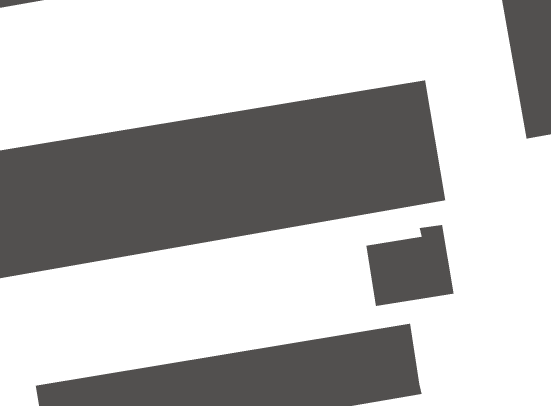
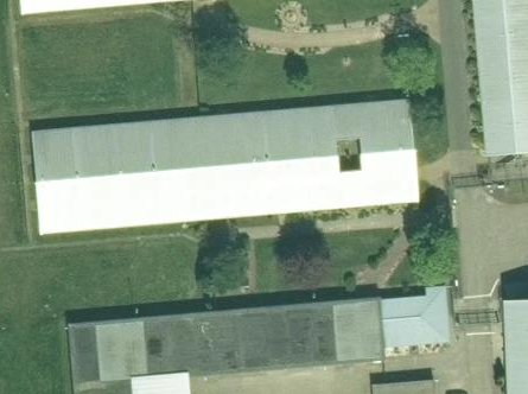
building: [366,224,455,307] -> [381,286,451,349]

